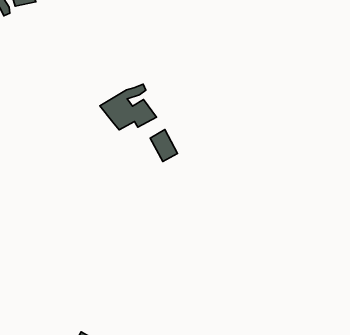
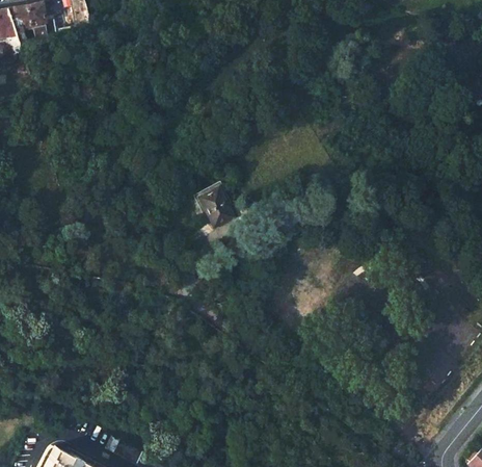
building: [100,84,156,130] -> none

